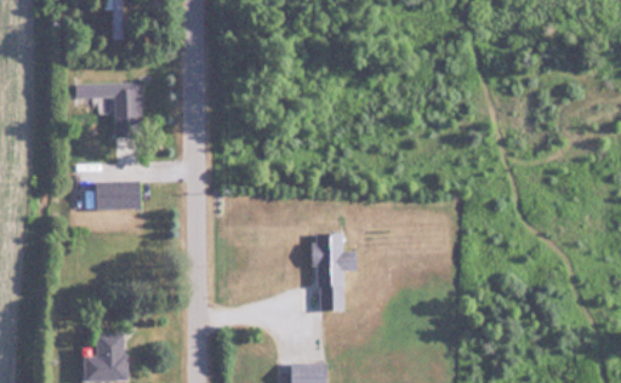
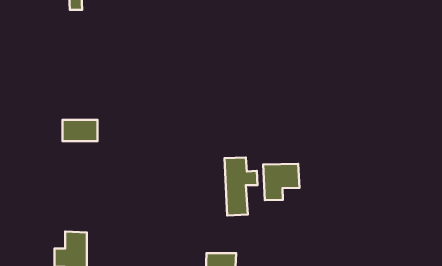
building: [74,82,142,136] -> none
building: none -> [263,164,299,200]

